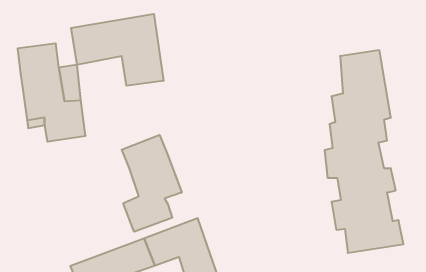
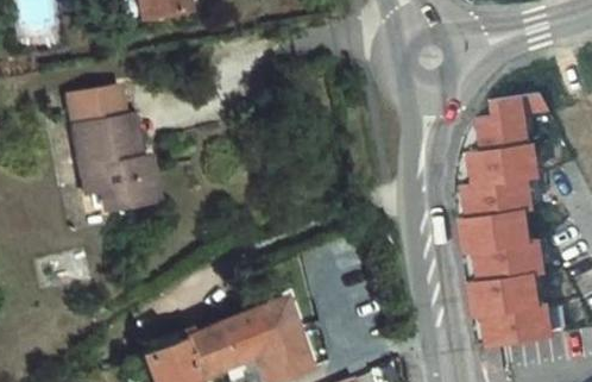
building: [71,14,163,86] -> none
building: [122,135,182,232] -> none

